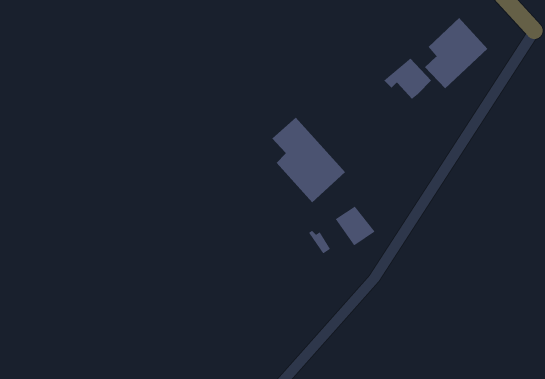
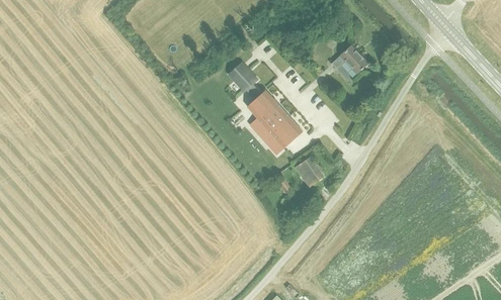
building: [424,17,488,89] -> none
building: none -> [228,62,256,91]

